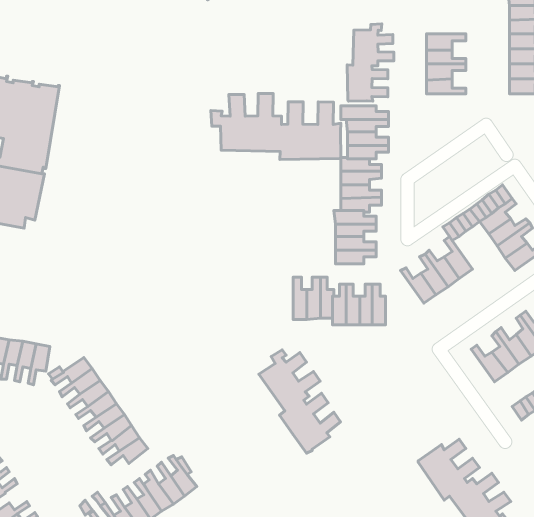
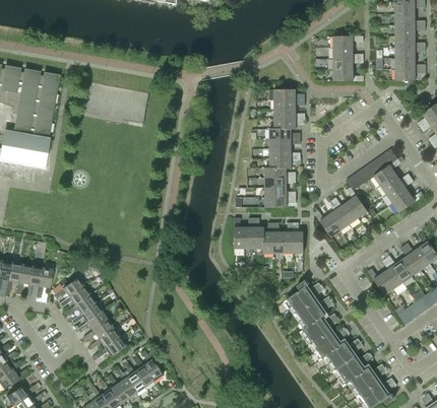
building: [347,24,394,101] -> none
building: [211,93,341,160] -> none
building: [259,350,341,453] -> [288,280,349,357]

